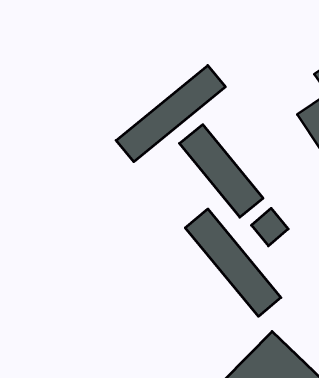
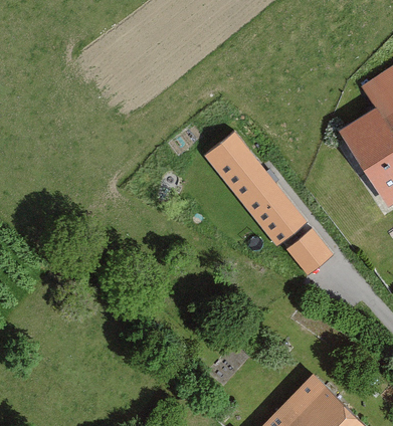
building: [116,65,225,162] -> none
building: [185,209,281,316] -> none

